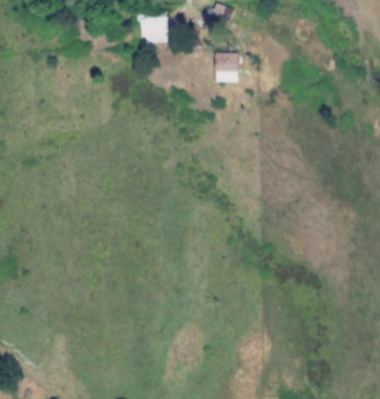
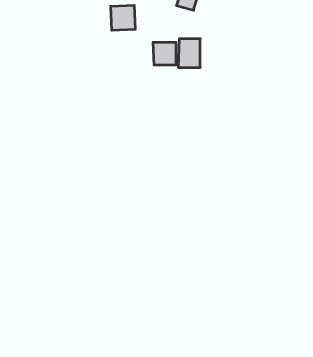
building: none -> [153,42,176,65]

